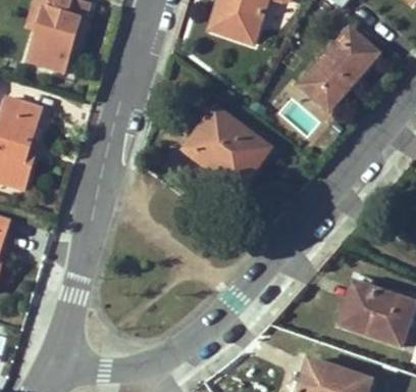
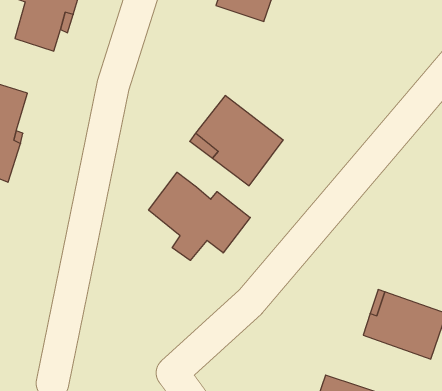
building: [301,29,377,107] -> none
building: none -> [149,172,250,260]

